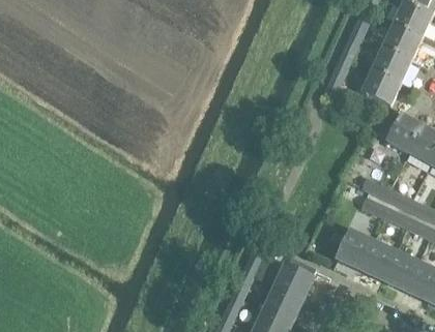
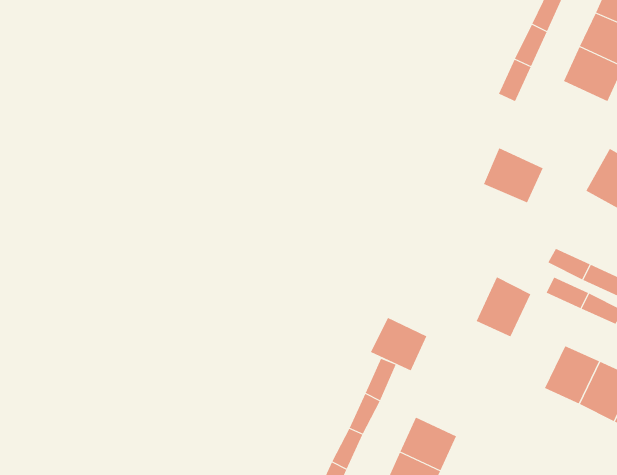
building: [361,68,401,104] -> [483,148,543,203]
building: [337,229,373,268] -> [476,277,531,337]
building: [276,264,313,299] -> [370,317,427,371]

